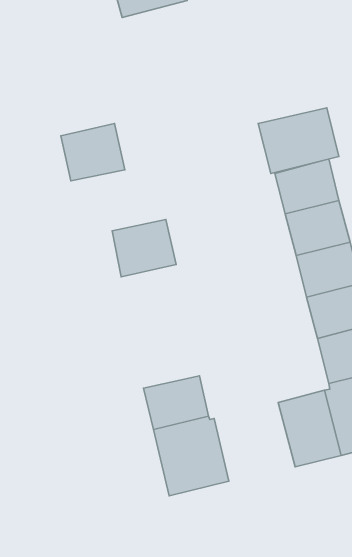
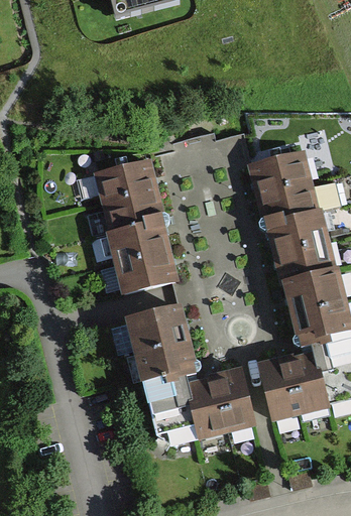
building: [258,108,339,173] -> none
building: [61,124,125,181] -> [97,158,154,210]
building: none -> [114,240,172,291]
building: none -> [126,303,185,351]
building: none -> [198,369,250,434]

